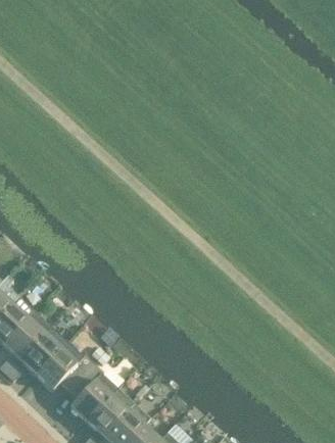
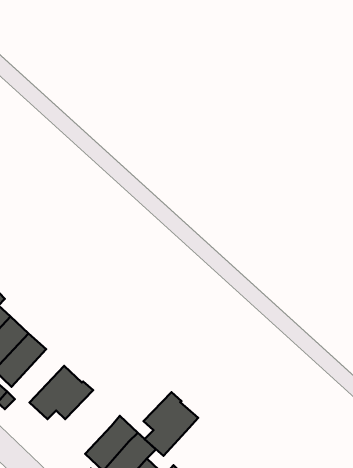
building: [18,326,66,375] -> none
building: [67,363,117,422] -> [143,392,198,456]

